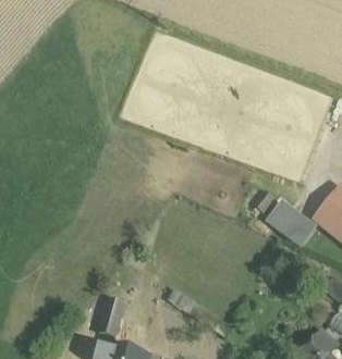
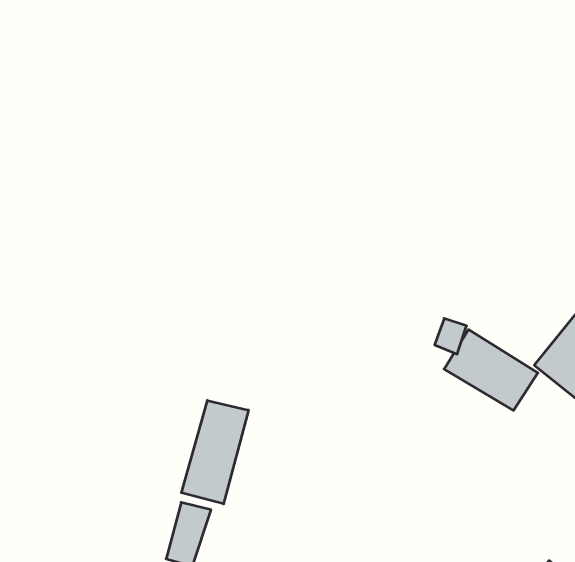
building: none -> [181,400,248,504]

